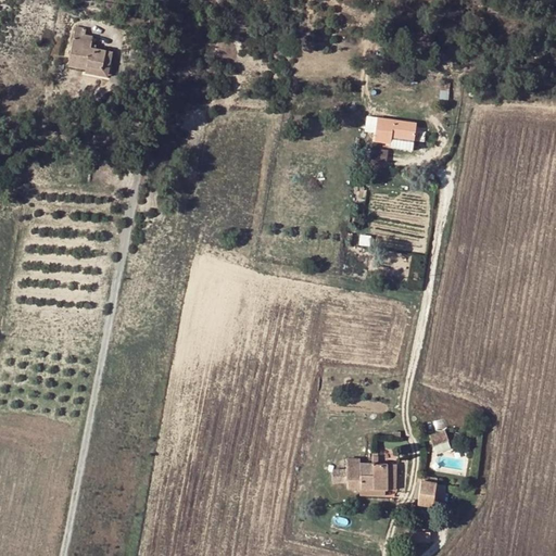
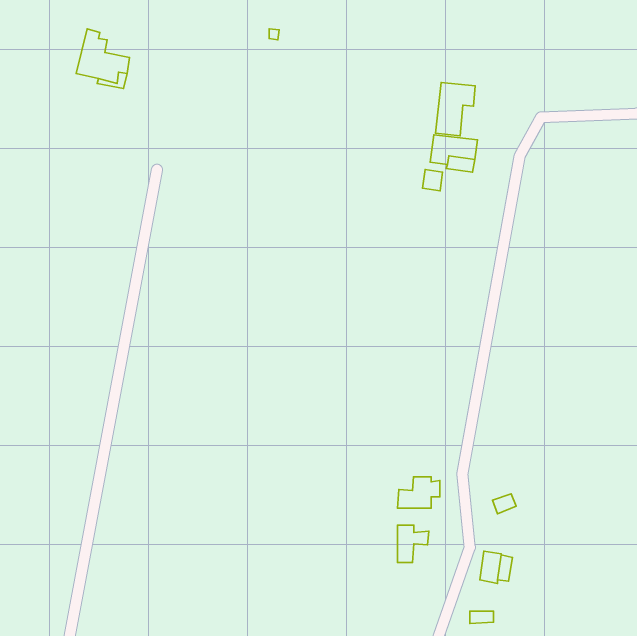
building: none -> [435,82,475,136]
building: [359,463,396,490] -> [397,477,440,508]

